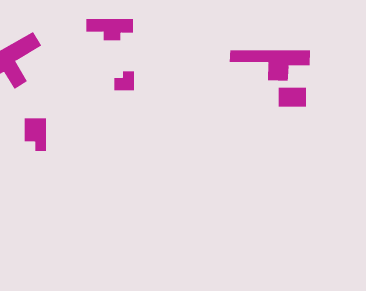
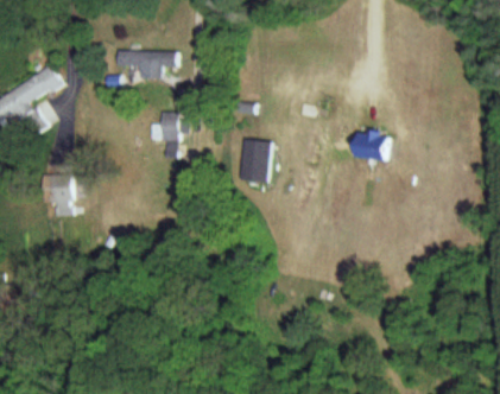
building: [229,50,311,81] -> none
building: none -> [239,140,273,184]

